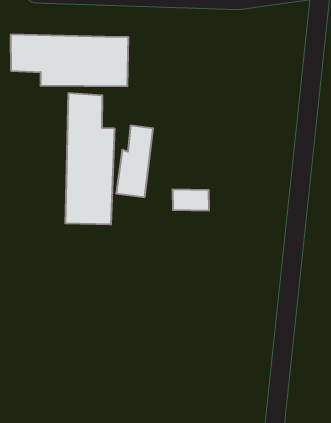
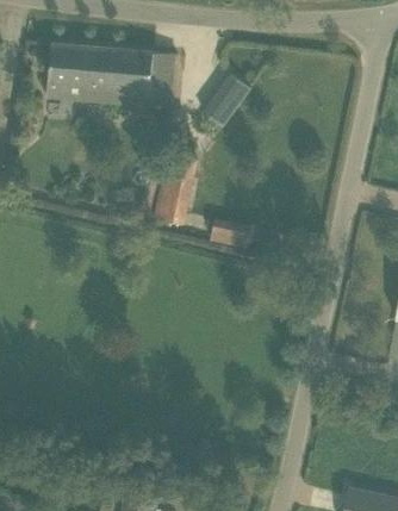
building: none -> [203,75,249,126]
building: [65,93,114,225] -> none

